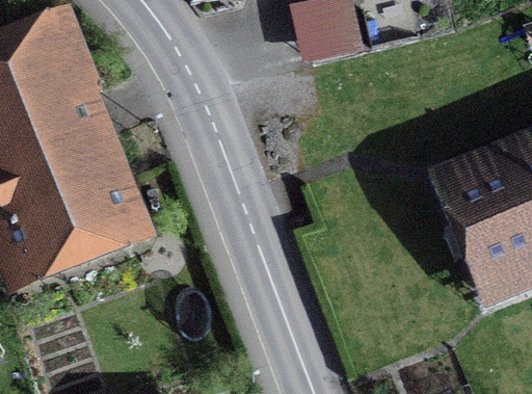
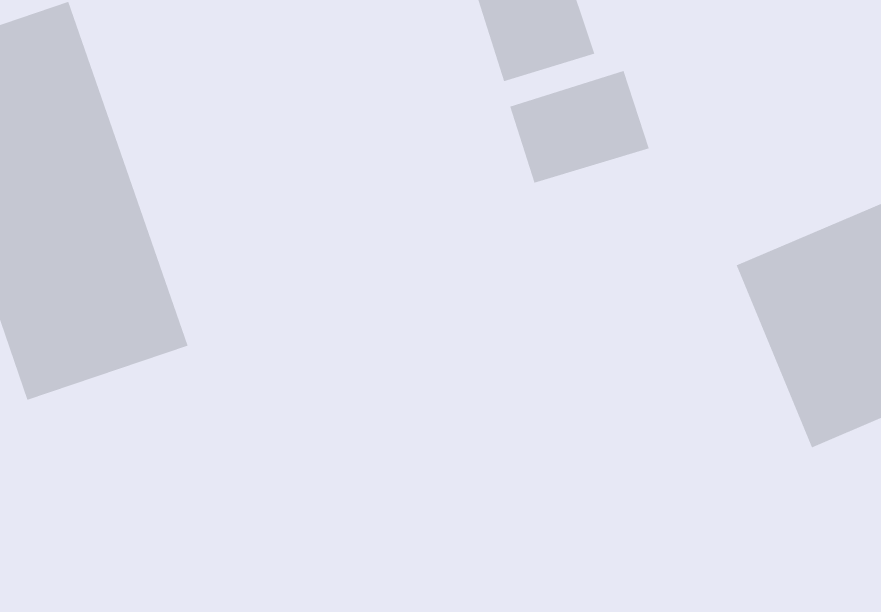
building: none -> [510,70,650,184]

